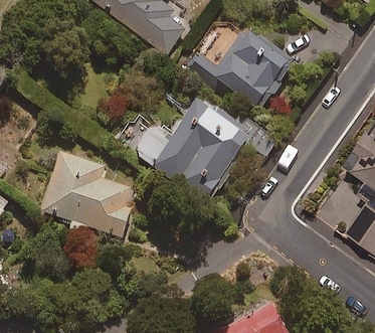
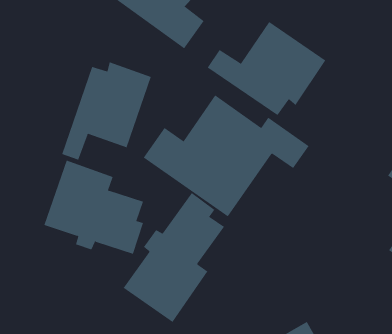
building: none -> [61,62,152,160]
building: none -> [123,192,225,323]

